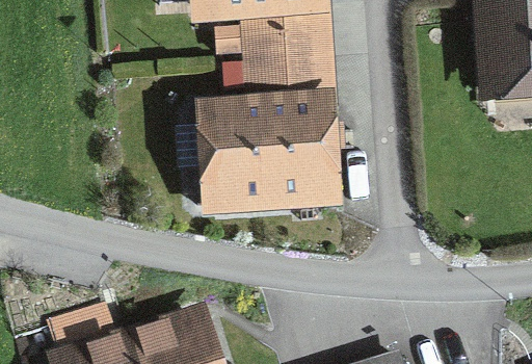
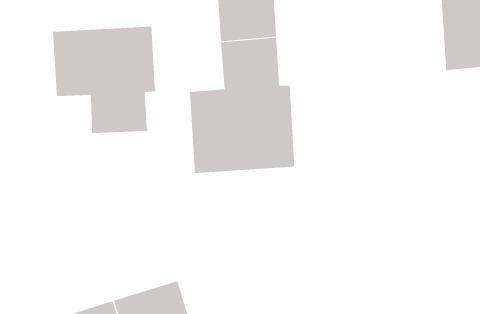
building: none -> [53,26,156,134]

